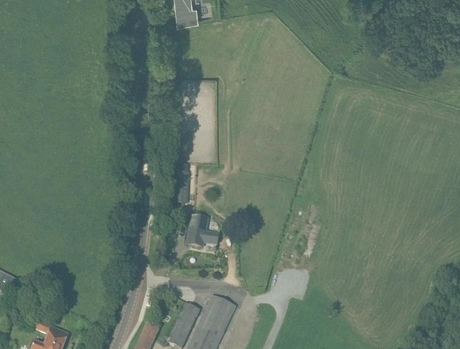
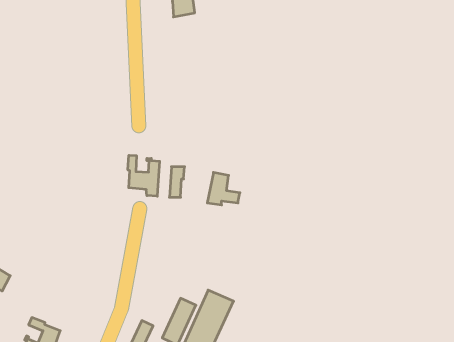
building: none -> [128,155,160,196]
building: [186,213,218,245] -> [207,172,240,205]

